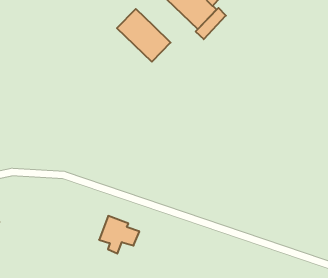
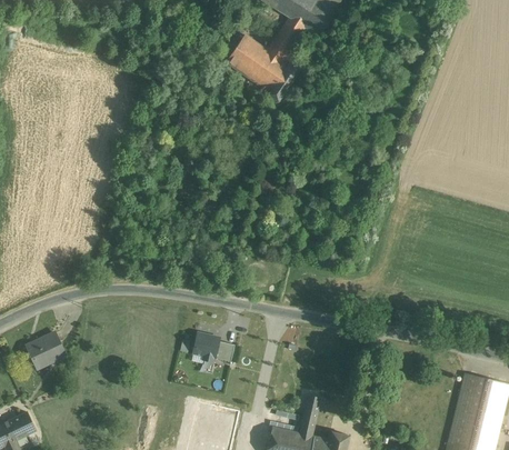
building: [117,9,171,62] -> none

